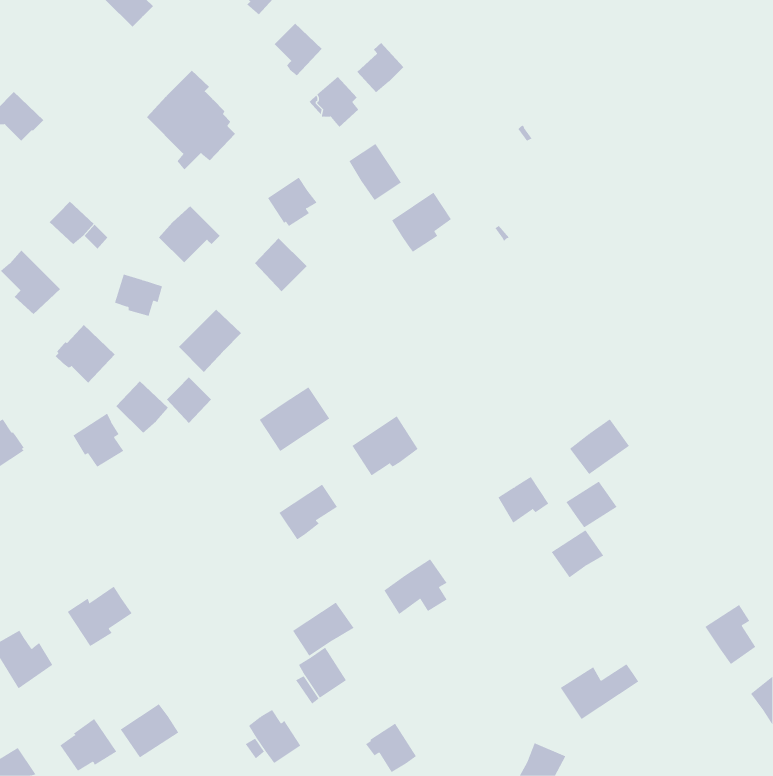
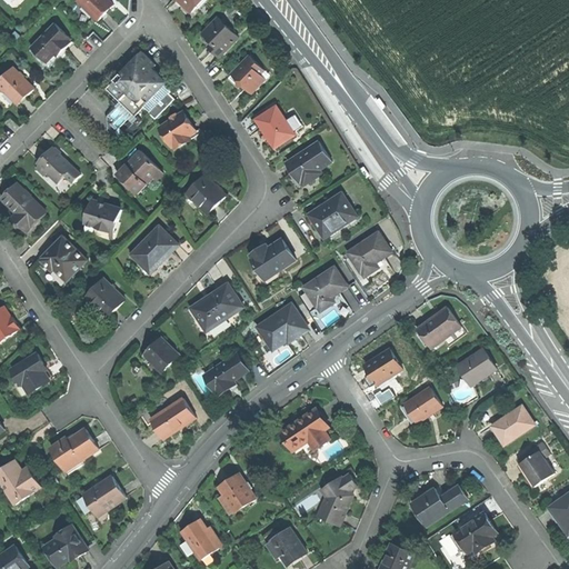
building: none -> [30,23,70,62]
building: [356,42,404,93] -> none
building: [267,177,317,227] -> [158,111,194,148]
building: none -> [308,192,356,237]
building: none -> [347,231,390,276]
building: none -> [249,238,293,278]
building: none -> [302,266,347,310]
building: [166,377,212,424] -> [143,337,177,371]
building: [72,413,124,468] -> [10,352,48,392]
building: [566,481,617,528] -> [457,349,495,383]
building: none -> [489,405,533,445]
building: [292,602,354,657] -> [149,398,194,438]
building: none -> [317,473,355,525]
building: none -> [453,512,496,551]
building: [120,703,179,758] -> [81,476,124,516]

